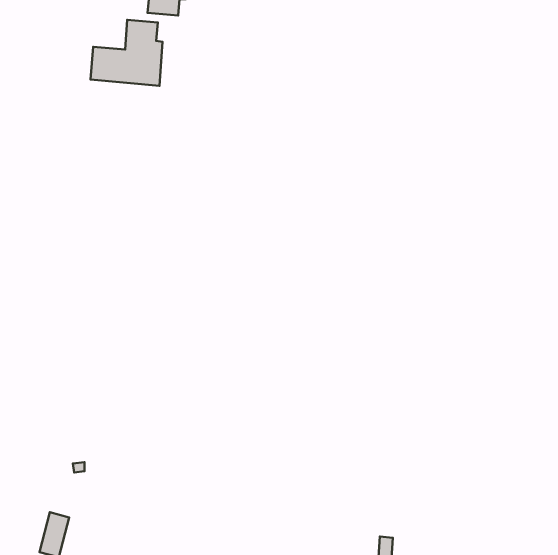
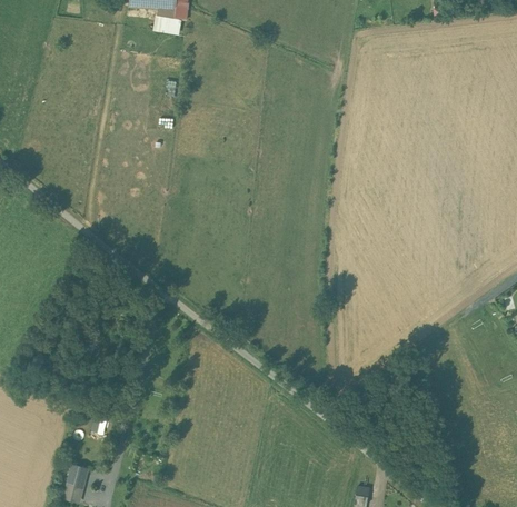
building: [91,20,163,86] -> none

